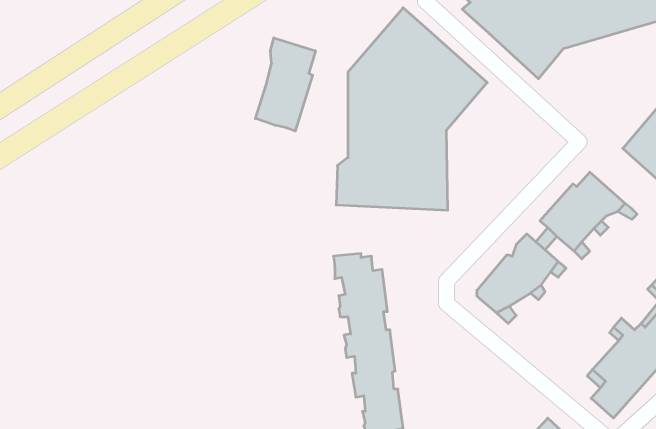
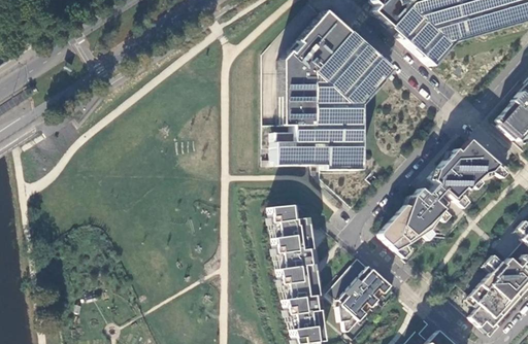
building: [255,38,315,131] -> none
building: none -> [329,256,394,331]

